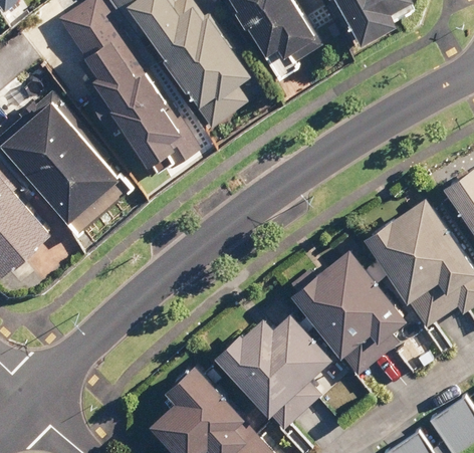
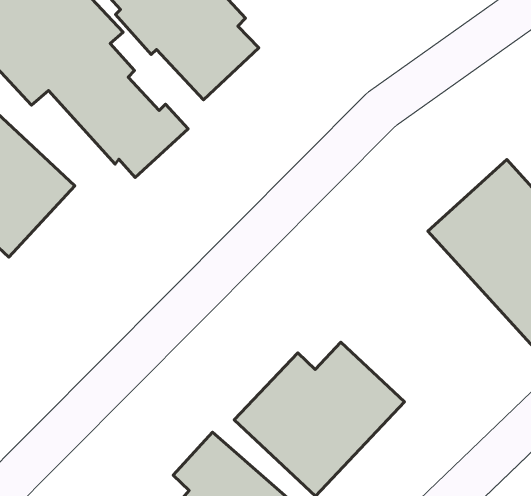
building: [287,248,406,380] -> none

